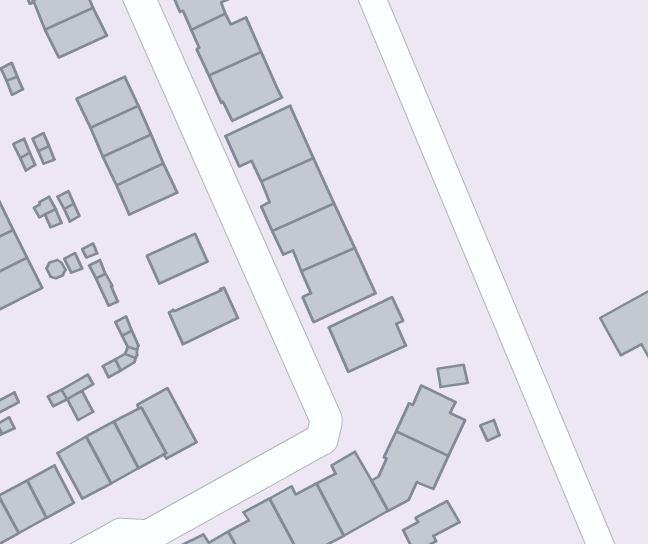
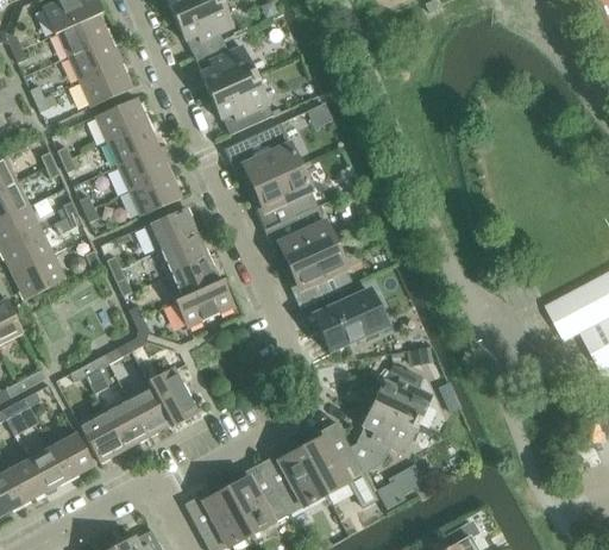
building: none -> [80,62,132,107]
building: none -> [144,207,197,252]
building: none -> [167,257,220,300]

